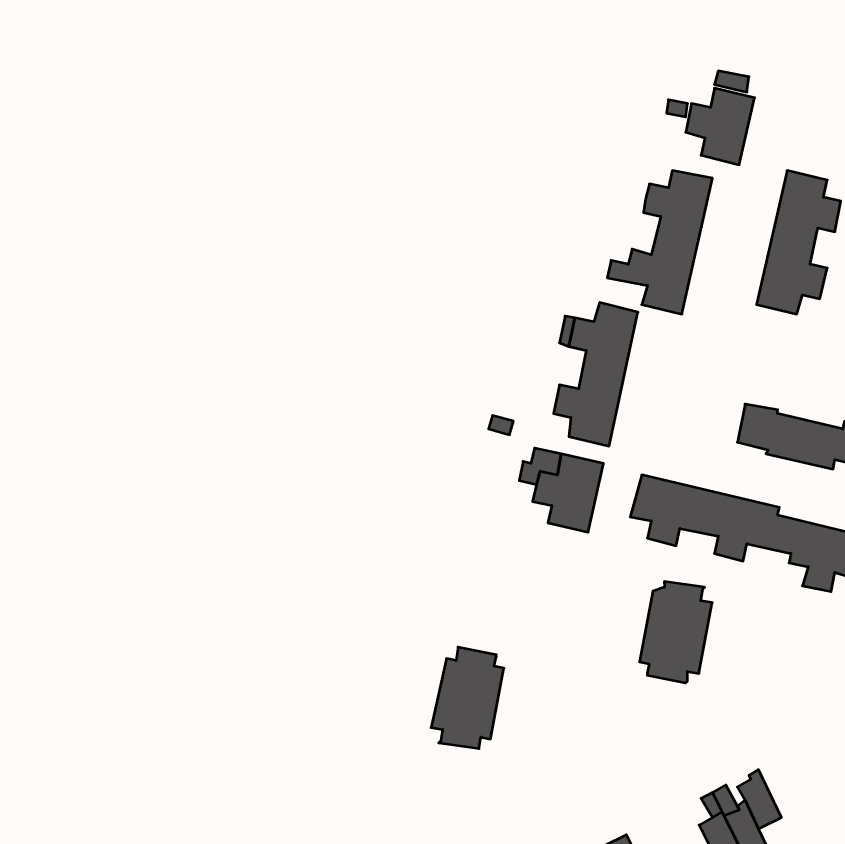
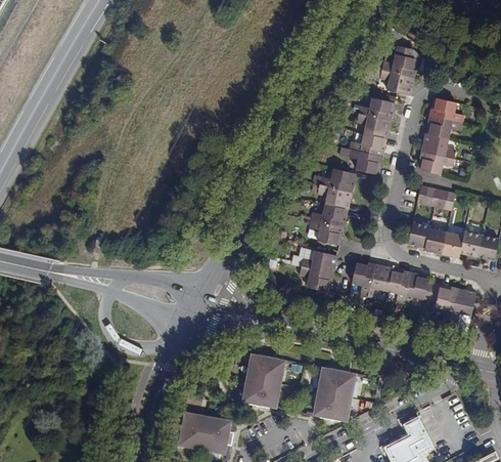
building: none -> [417,185,455,210]
building: [640,582,712,683] -> [316,367,355,421]
building: none -> [177,415,233,453]

